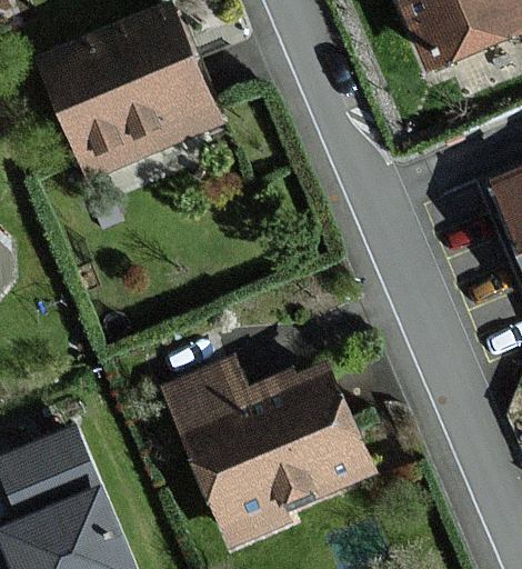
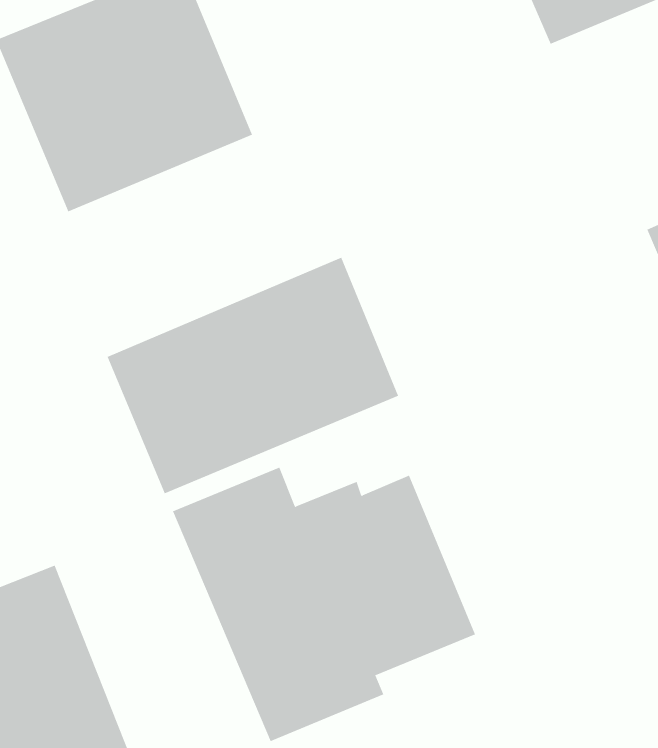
building: none -> [107,257,399,494]

